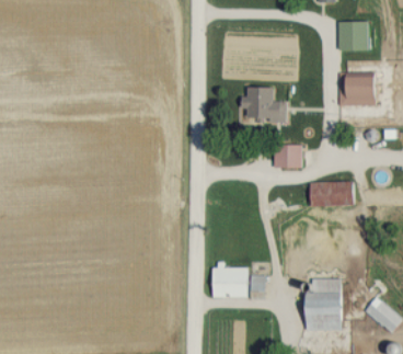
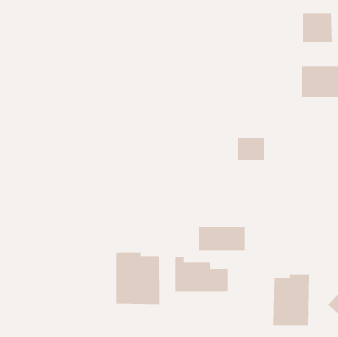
building: [241,85,274,123] -> none
building: [308,181,355,205] -> [198,227,246,251]
building: none -> [116,252,160,305]

